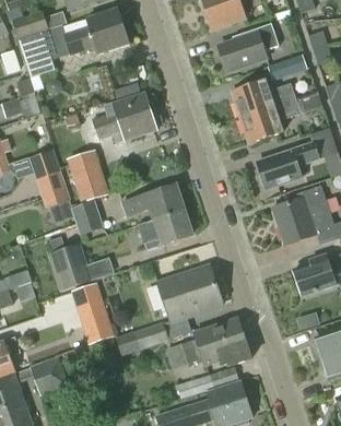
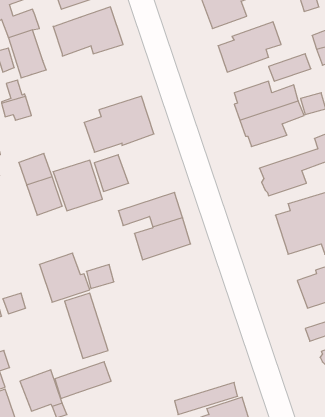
building: [70,200,103,235] -> [94,155,129,191]
building: [157,267,221,322] -> none
building: [181,318,250,366] -> none
building: [115,321,168,356] -> [55,362,111,398]

